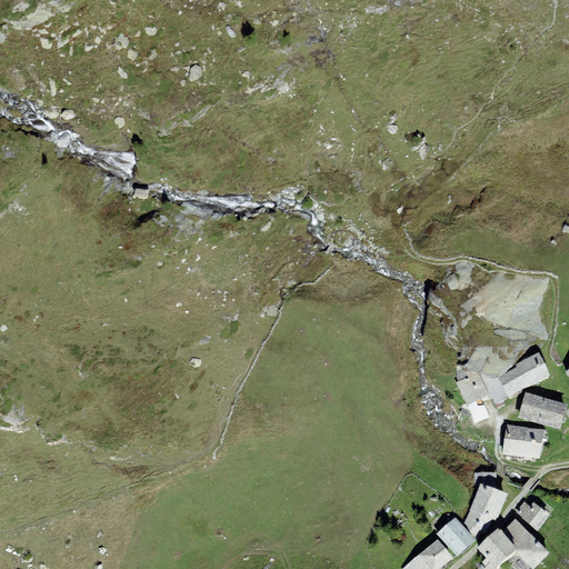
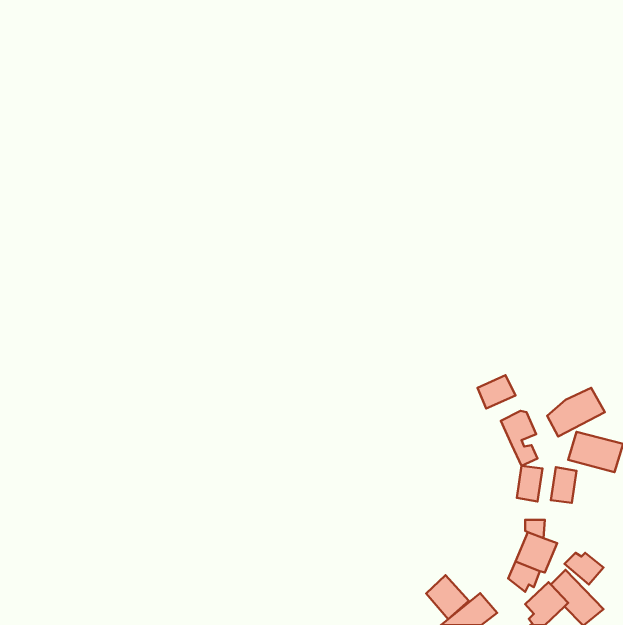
building: none -> [478,375,515,409]
building: [520,428,543,460] -> [517,466,542,501]
building: [436,517,475,557] -> [426,575,469,619]

